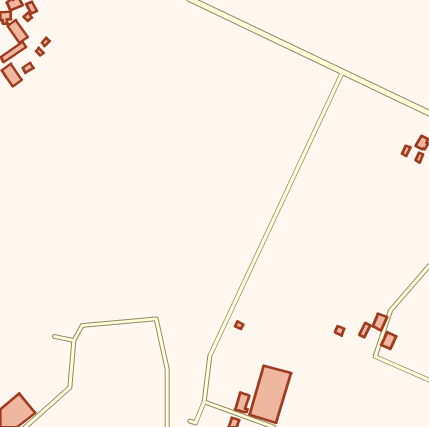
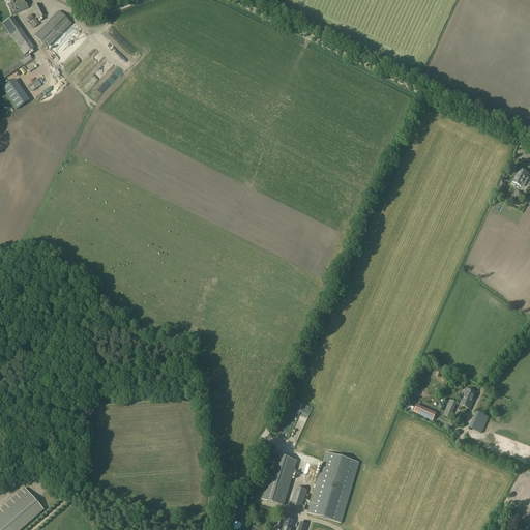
building: none -> [35,9,71,47]
building: none -> [262,453,299,505]

